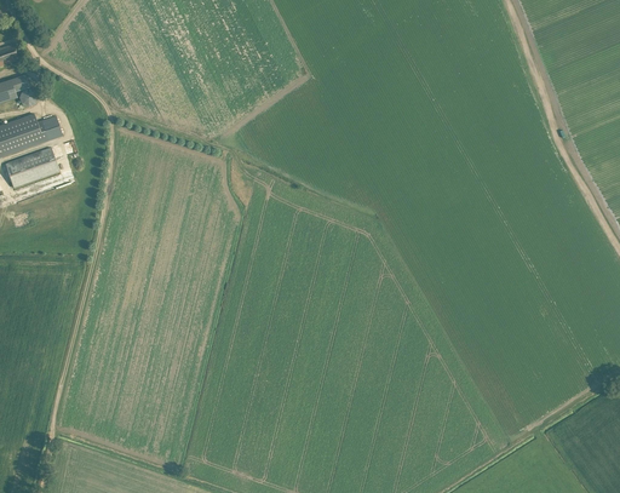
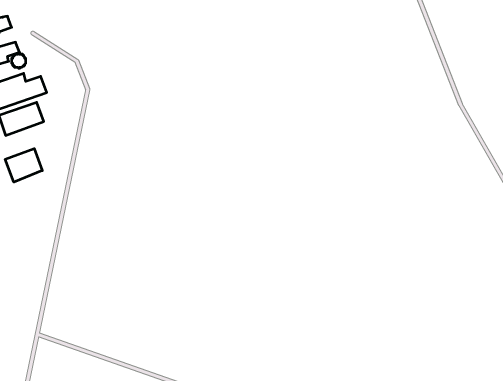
building: none -> [5,149,42,182]

